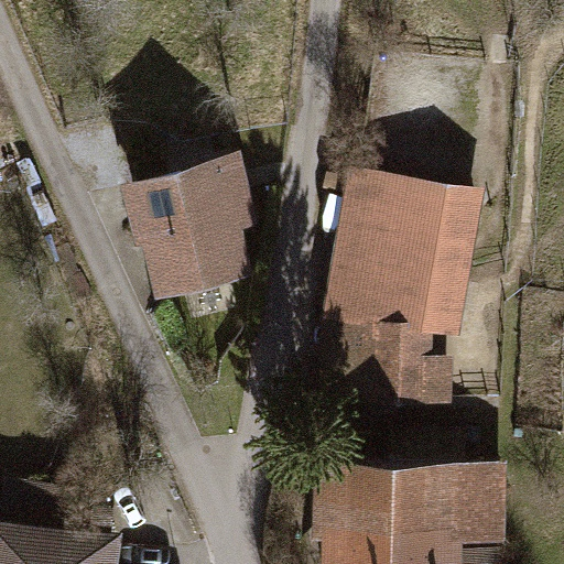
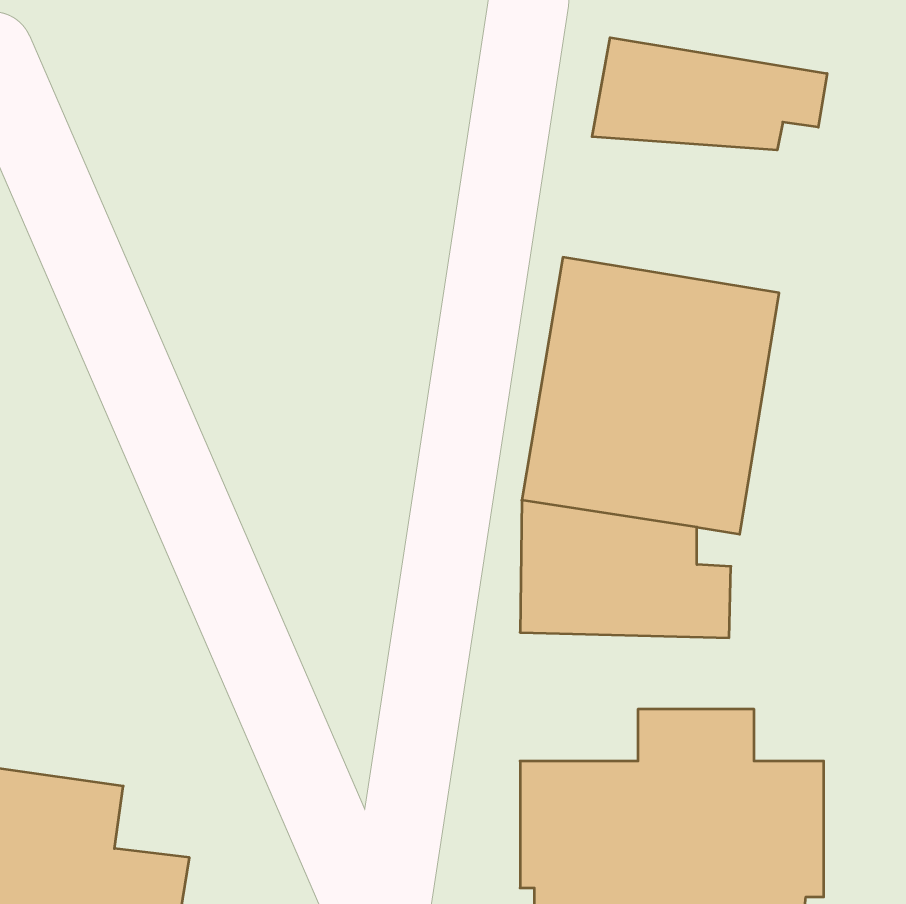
building: none -> [592,38,827,150]
building: [123,165,256,311] -> none

